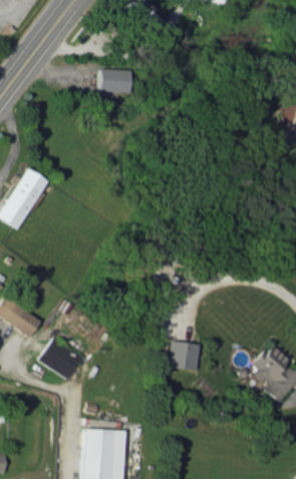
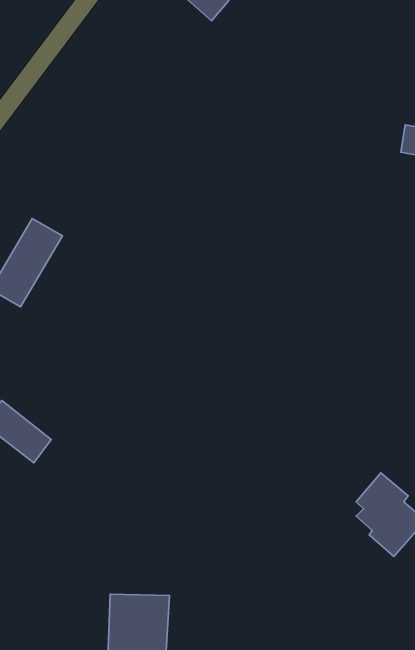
building: [101,69,131,92] -> none
building: [39,339,82,380] -> none
building: [168,342,198,369] -> none

